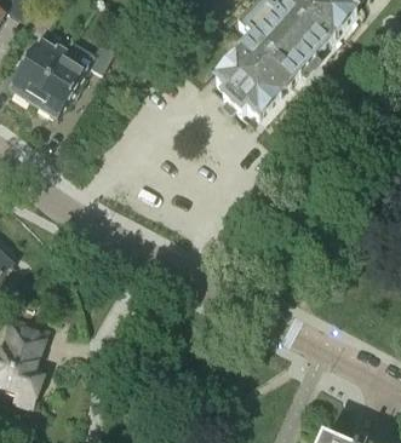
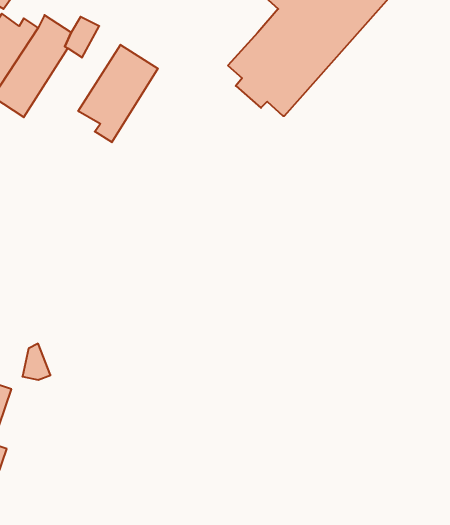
building: none -> [78,45,158,142]

